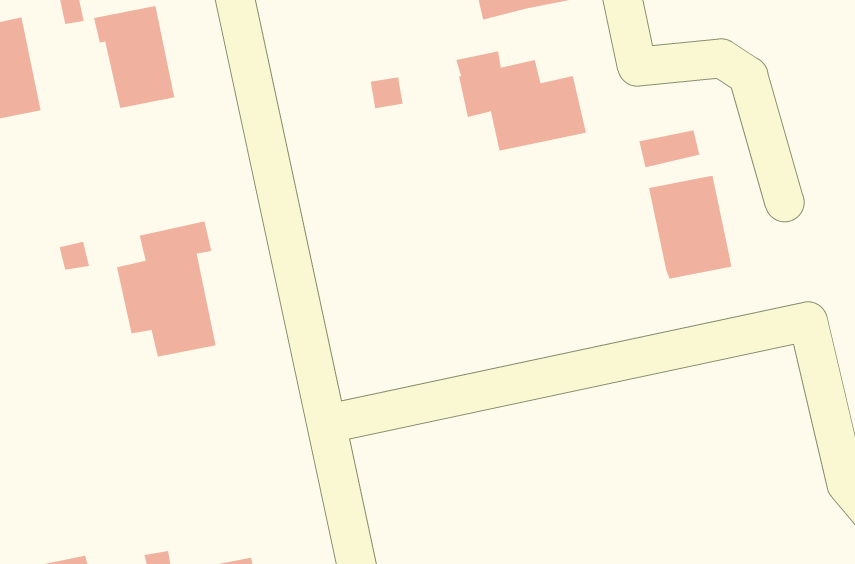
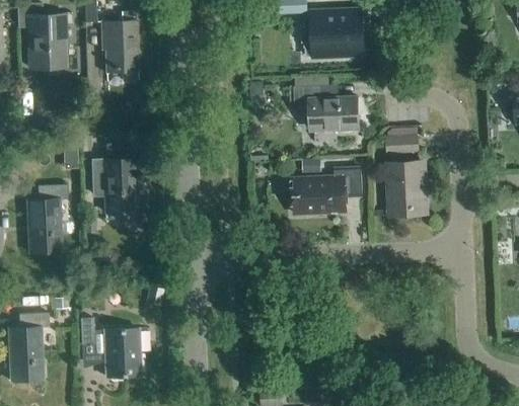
building: none -> [294,167,362,214]
building: none -> [26,184,68,252]

